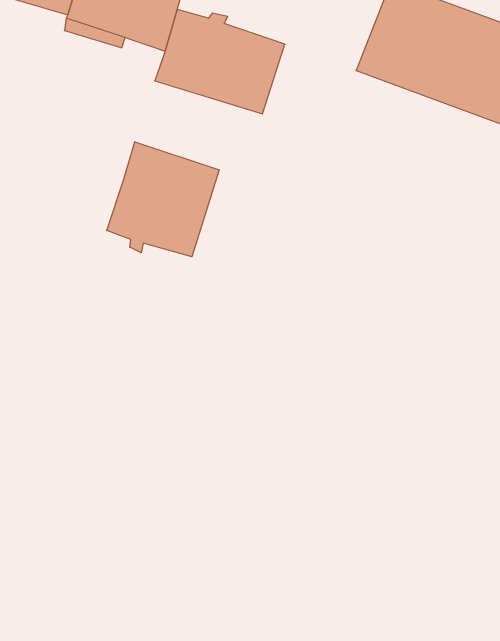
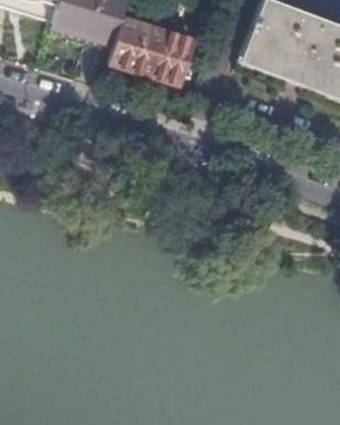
building: [107,142,219,257] -> none

